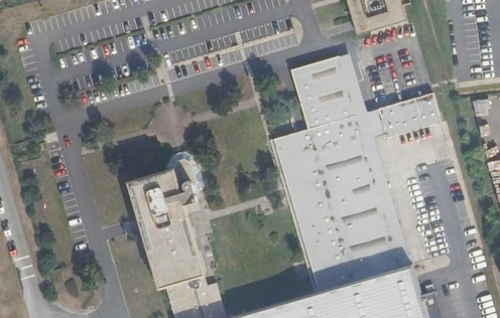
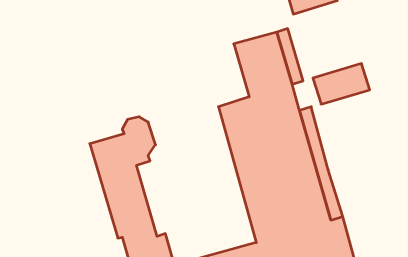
building: [355,108,387,144] -> none

